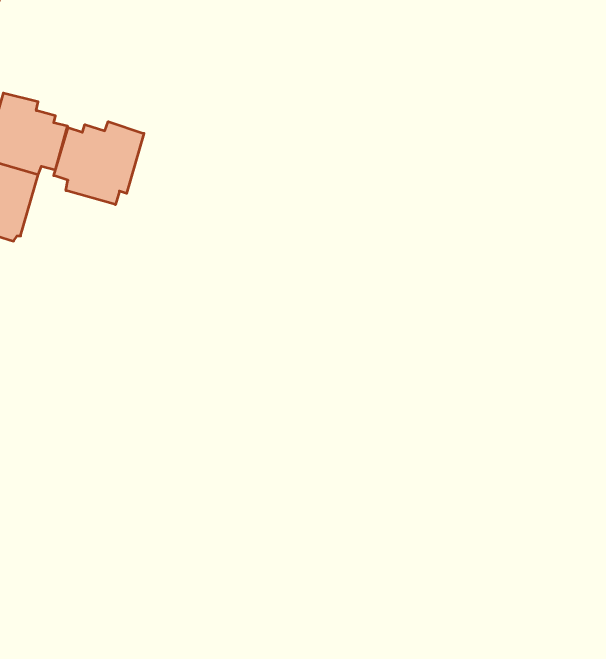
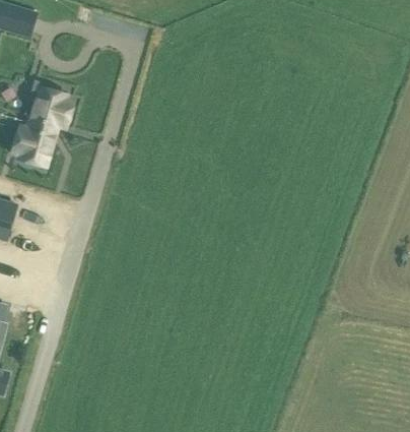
building: [54,122,144,205] -> none

